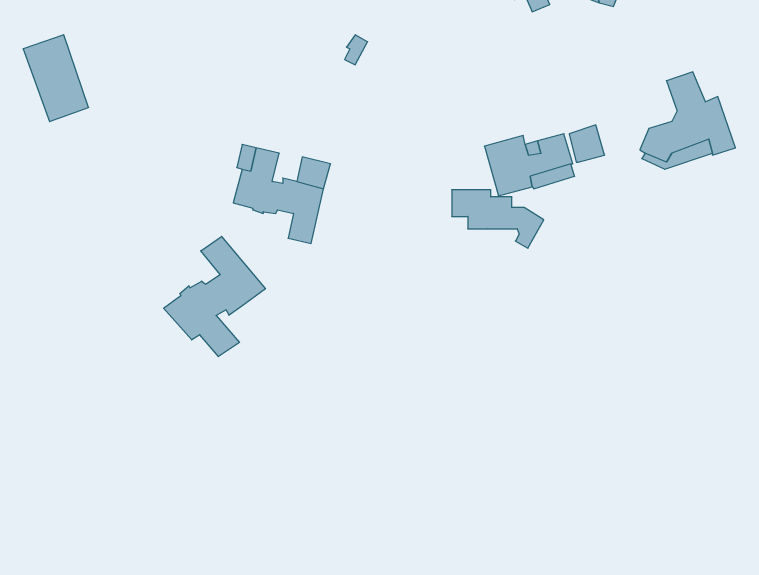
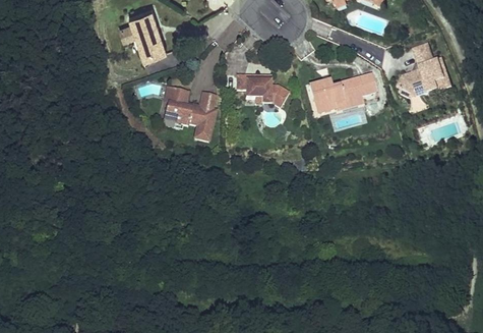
building: [23,35,89,122] -> [128,8,166,58]
building: [452,190,544,248] -> [236,74,289,108]
building: [164,236,265,357] -> none

